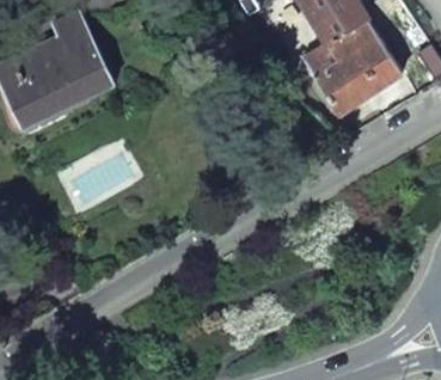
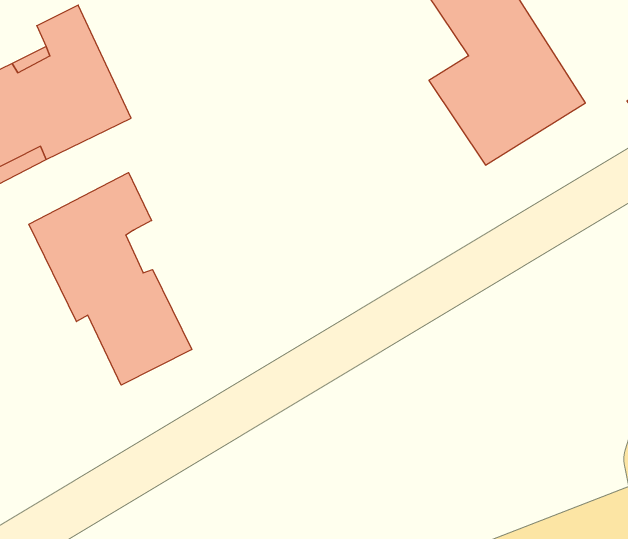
building: none -> [29,173,192,385]

